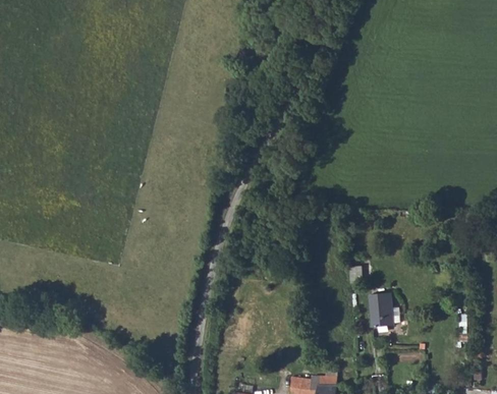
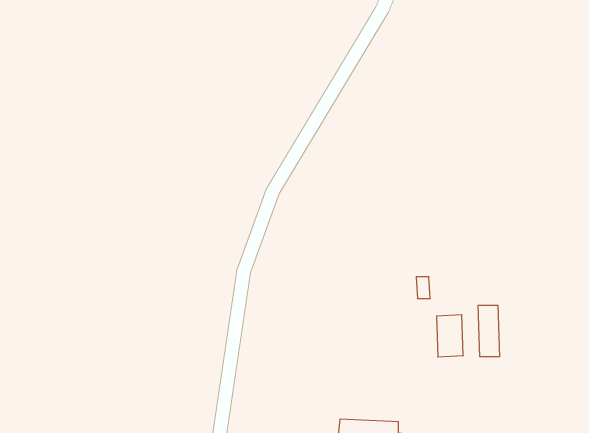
building: none -> [478,305,500,357]

